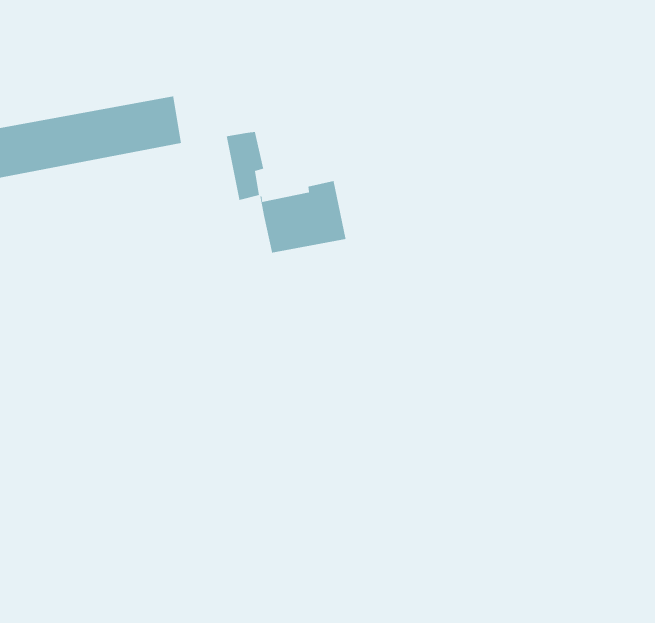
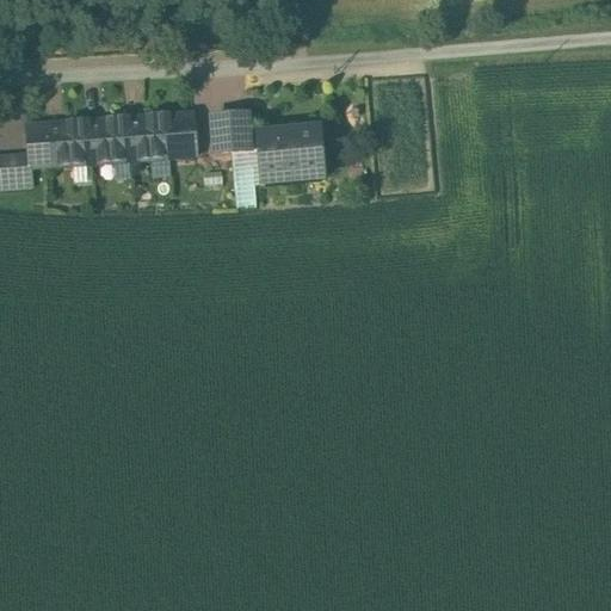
building: none -> [212,110,251,150]
building: [259,180,347,254] -> [257,124,325,179]

